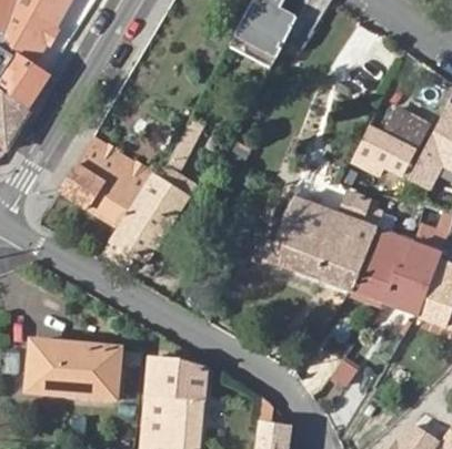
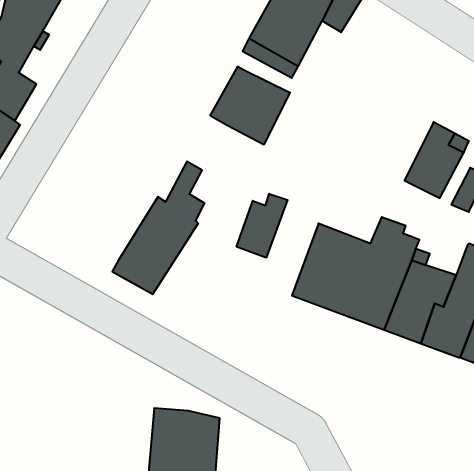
building: none -> [210,66,290,145]
building: [58,136,152,229] -> none
building: none -> [237,194,288,258]
building: [28,341,119,396] -> none

